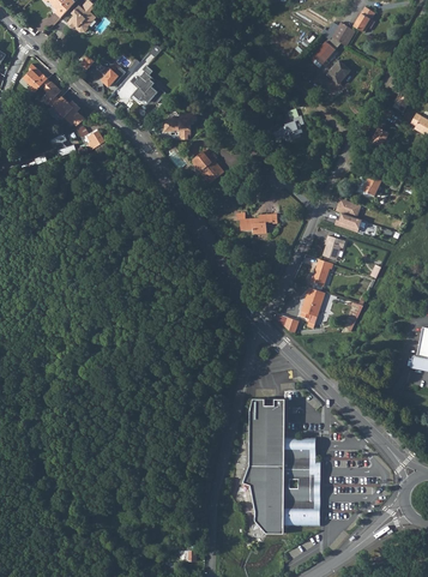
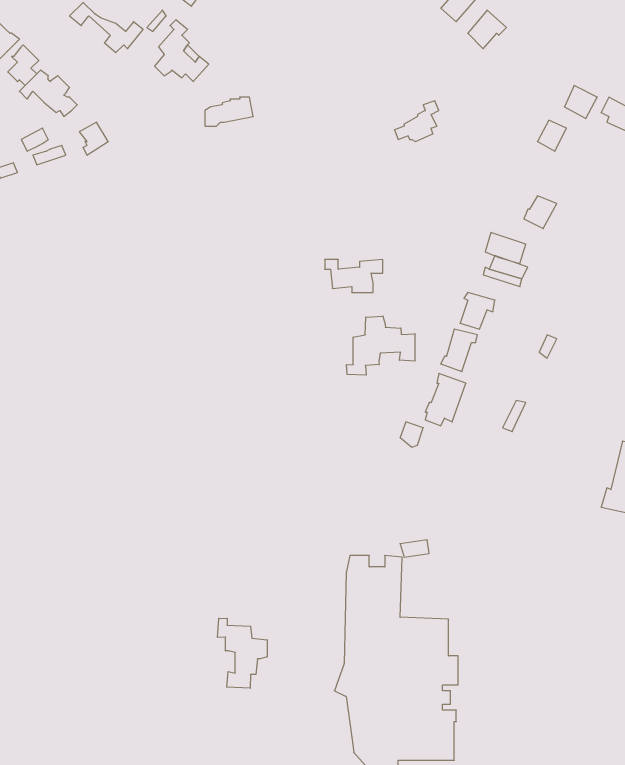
building: [194,155,227,187] -> none
building: none -> [346,316,415,375]
building: none -> [217,618,267,688]

